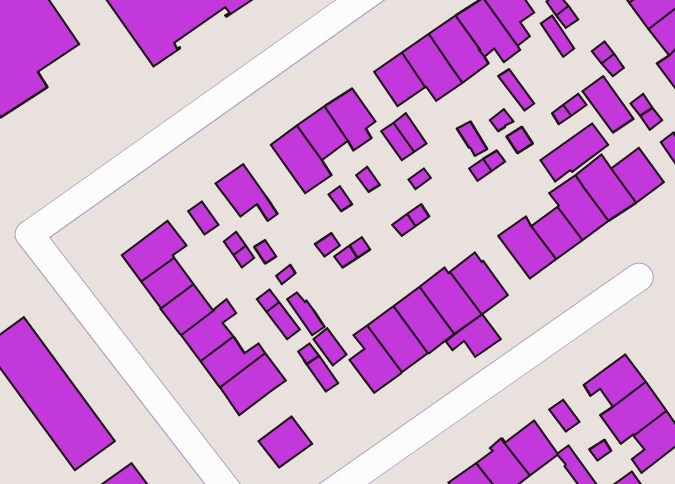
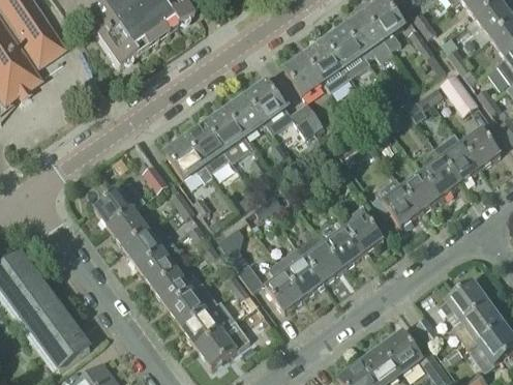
building: [541,123,608,181] -> none
building: none -> [185,125,223,165]
building: [446,314,501,357] -> none
building: none -> [182,302,232,348]

